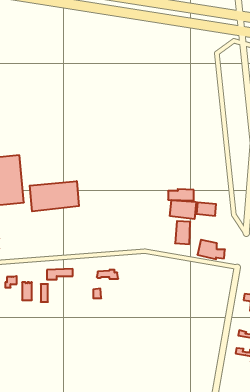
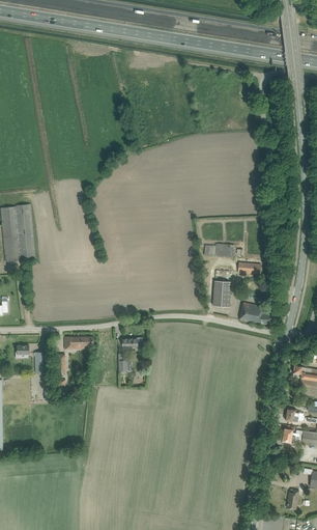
building: [30,181,79,211] -> none
building: [170,200,196,219] -> none

